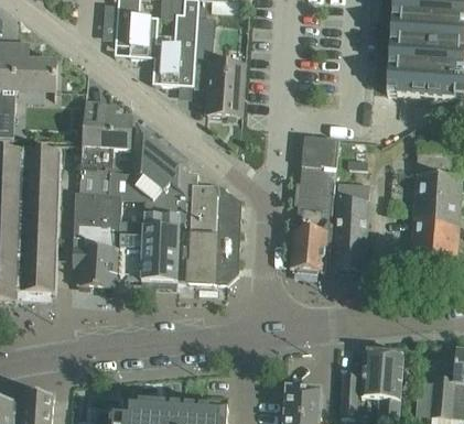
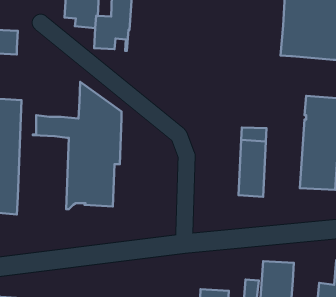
building: [193,59,244,116] -> none
building: [79,105,134,171] -> none
building: [291,135,338,269] -> none
building: [175,171,240,283] -> none
building: [72,192,120,286] -> none

